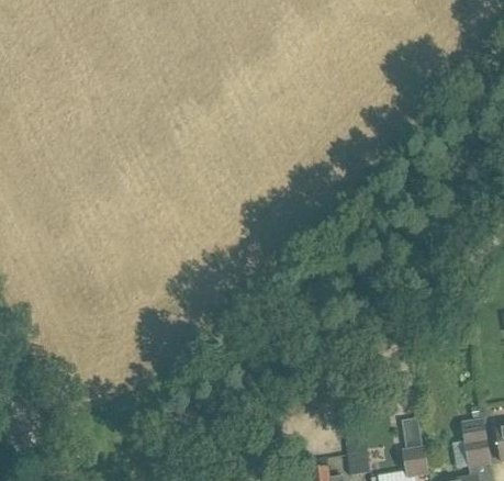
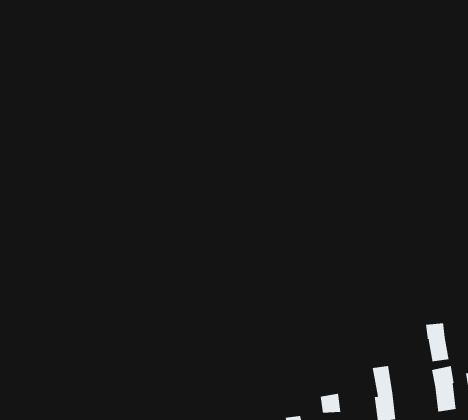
building: none -> [425,322,449,362]

